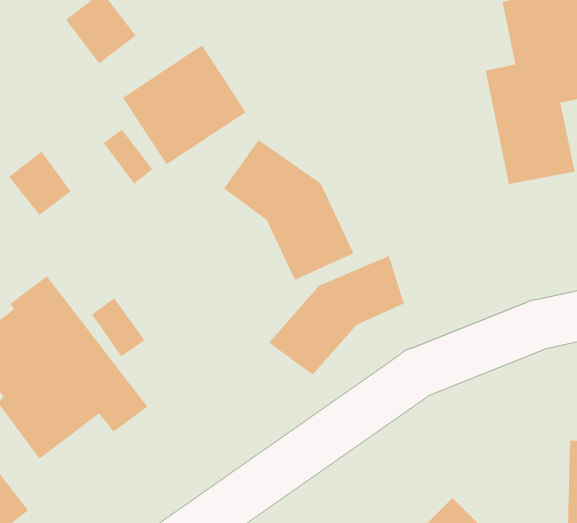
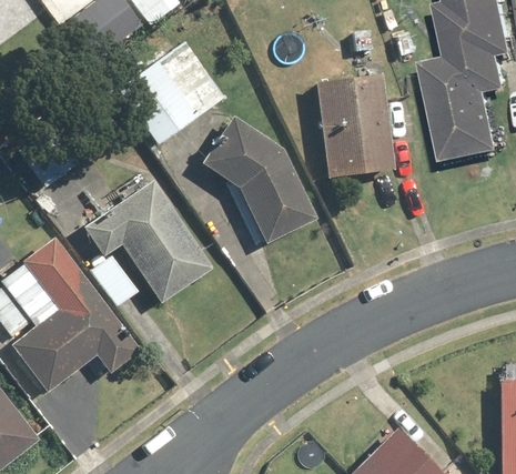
building: none -> [316,73,392,175]
building: none -> [81,178,212,303]
building: [268,255,405,375] -> none

